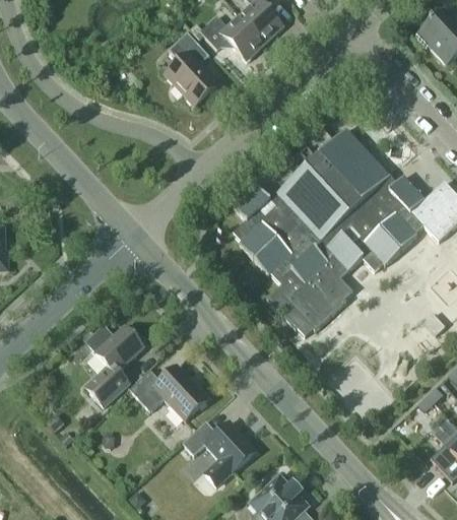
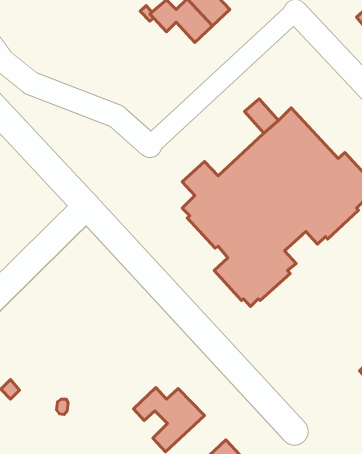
building: [166,31,217,106] -> none
building: [85,324,147,406] -> none
building: [130,365,208,420] -> none

